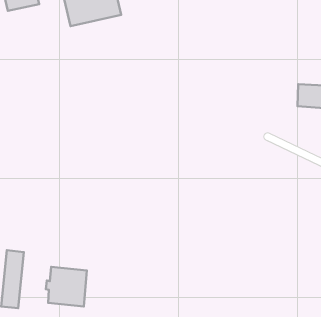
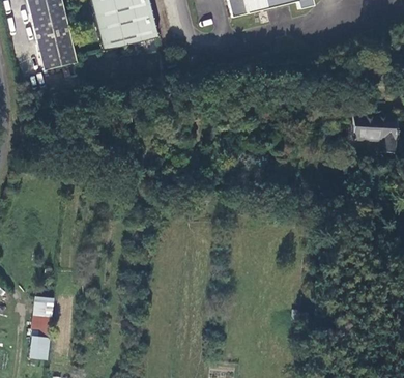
building: none -> [36,27,80,70]
building: [46,267,87,307] -> none

